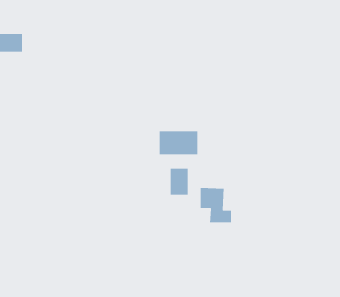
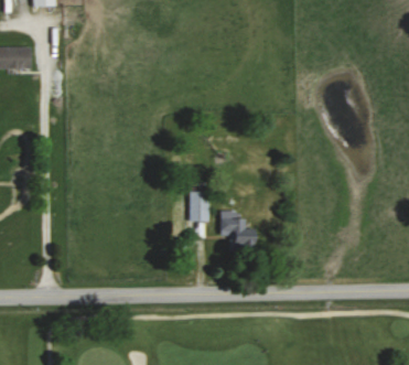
building: [159,130,198,155] -> none

